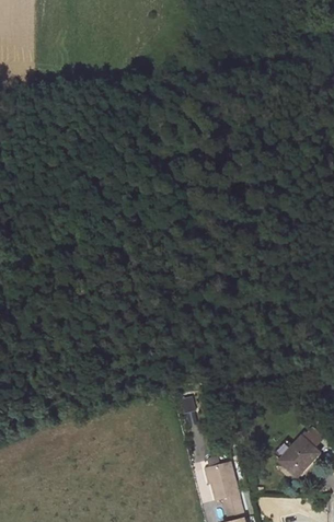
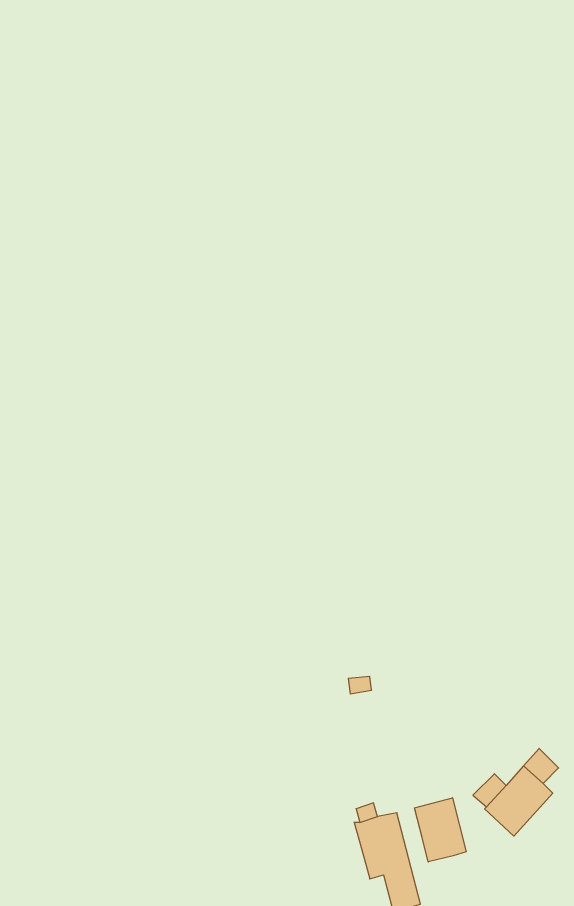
building: none -> [414,798,466,862]

